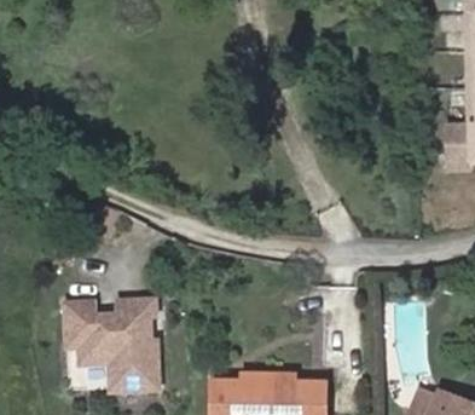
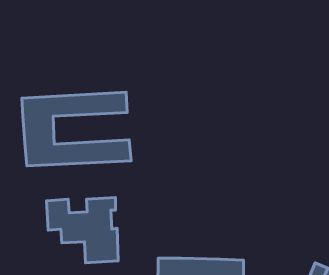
building: none -> [22,92,131,166]

